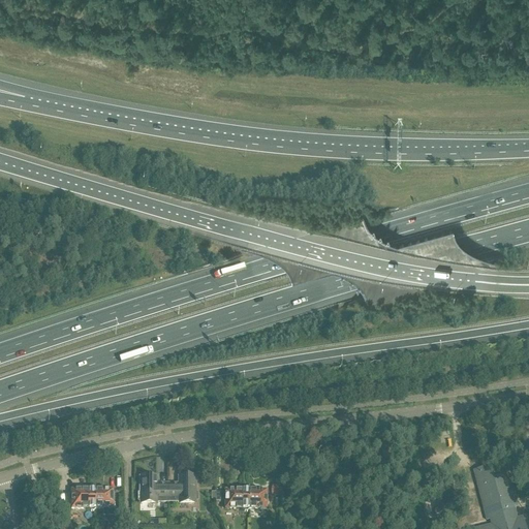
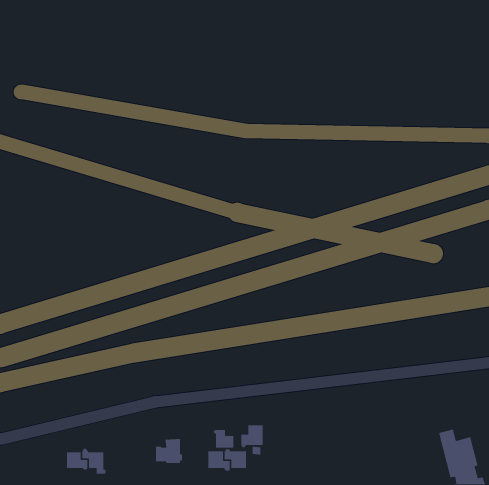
building: none -> [241,424,263,448]
building: none -> [213,429,234,449]
building: [137,474,167,501] -> none

